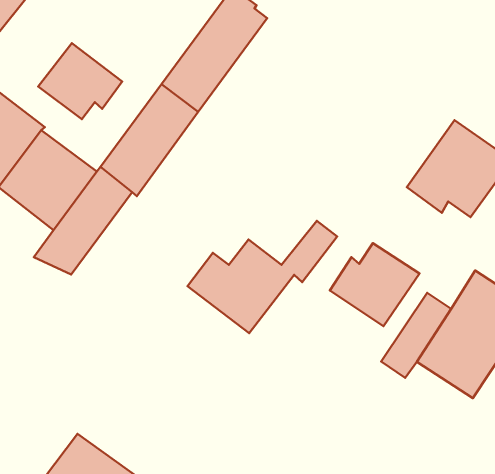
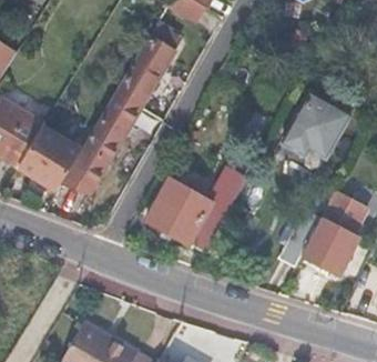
building: [38,43,122,119] -> none
building: [330,243,419,326] -> none

